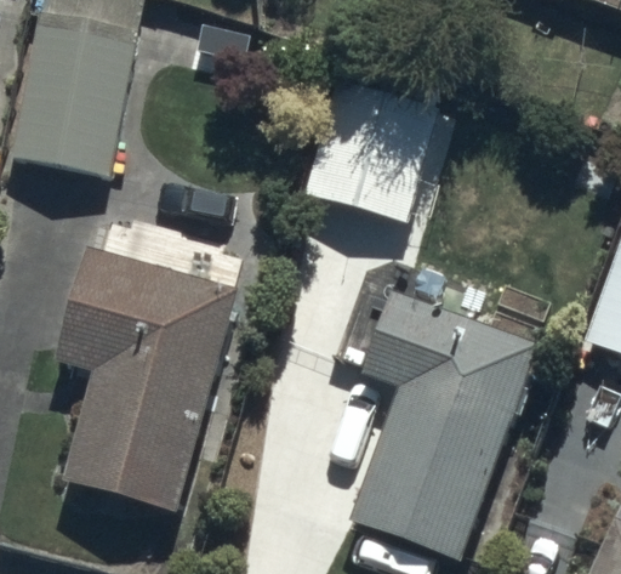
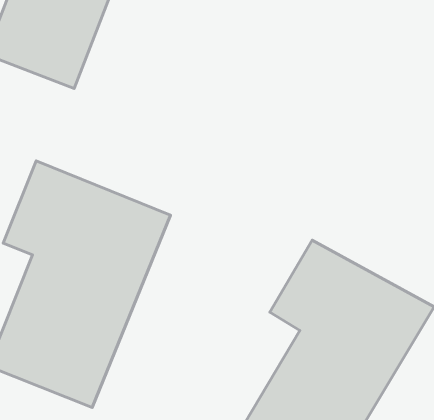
building: [302,78,435,222] -> none

